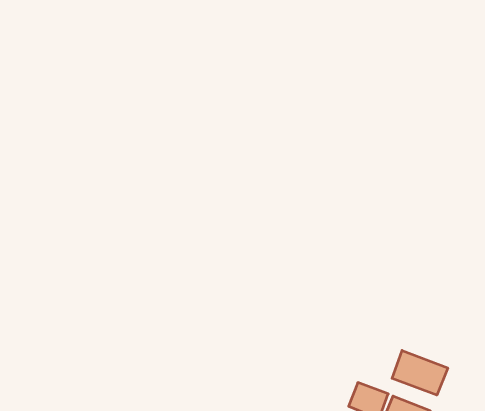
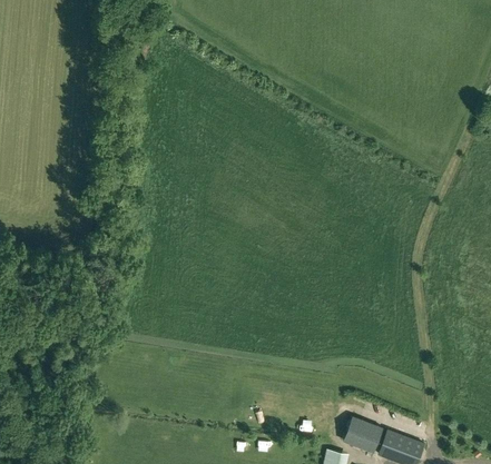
building: [392,350,448,395] -> none

